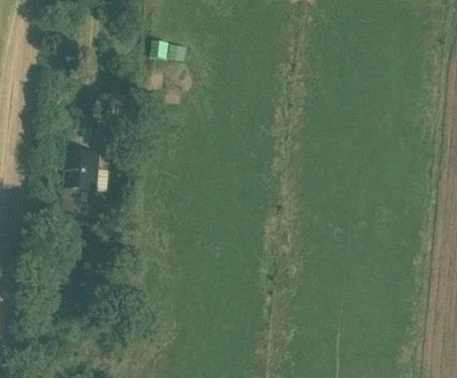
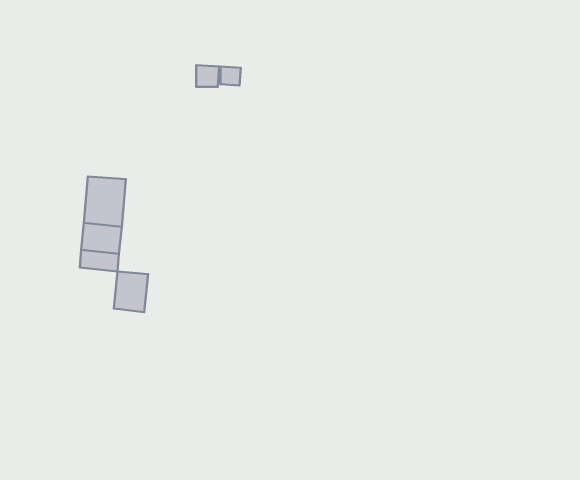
building: none -> [114,272,148,312]

